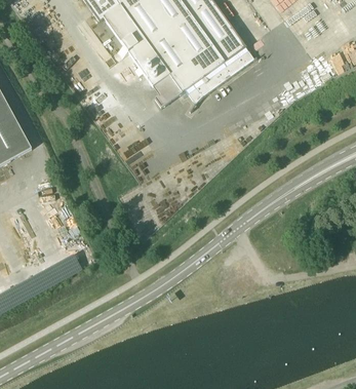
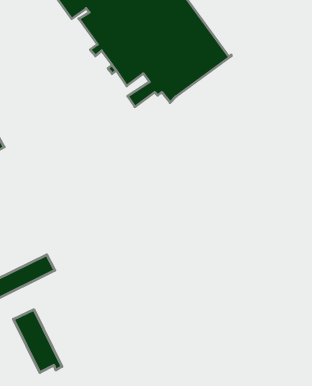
building: none -> [13,310,62,373]

